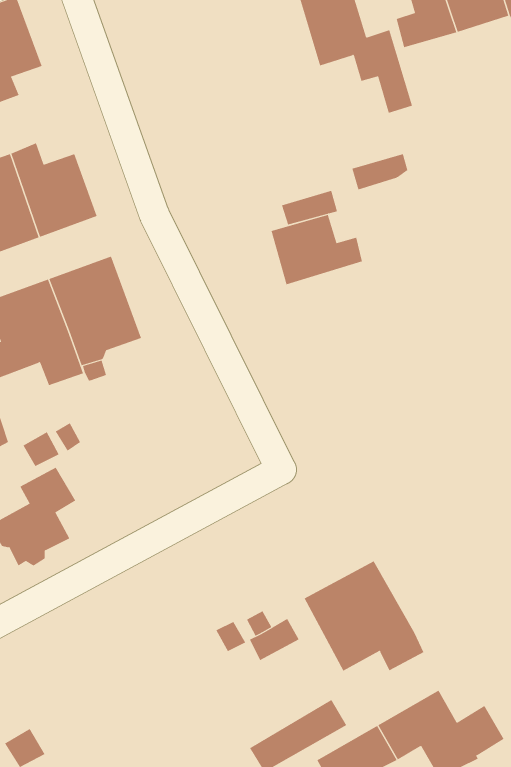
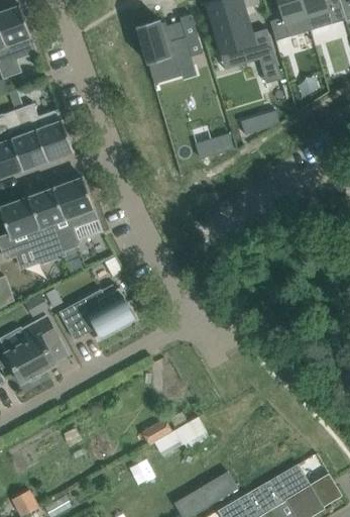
building: none -> [136,14,202,84]
building: [271,214,363,285] -> none
building: none -> [59,288,135,340]
building: [304,561,424,672] -> none

